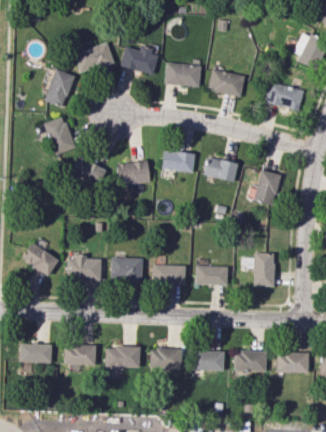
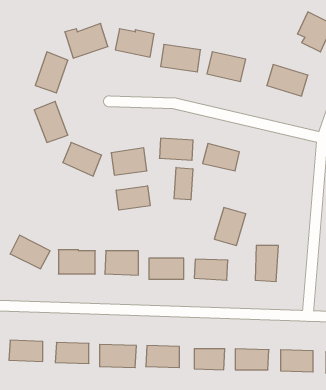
building: [253,170,283,206] -> [214,208,246,245]
building: none -> [174,167,193,200]
building: none -> [116,186,150,210]

